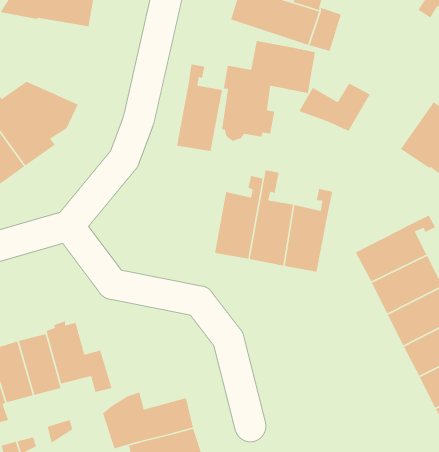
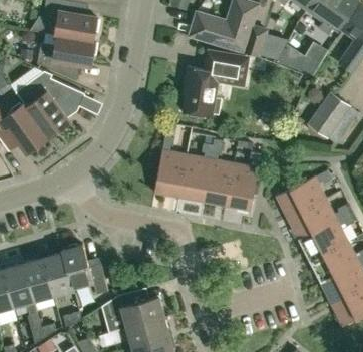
building: none -> [37,34,94,73]
building: [176,63,223,152] -> [154,135,187,197]
building: [298,82,371,132] -> [277,42,327,76]

